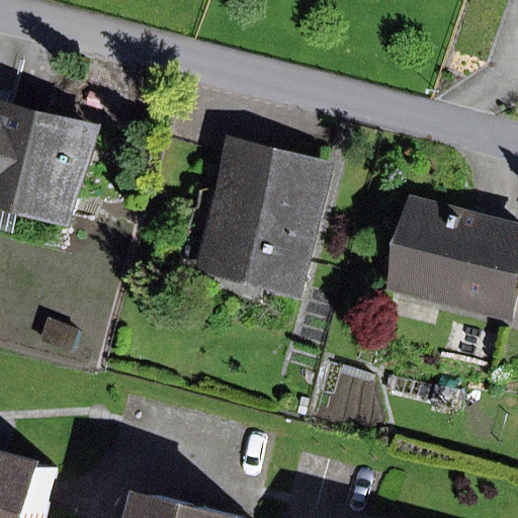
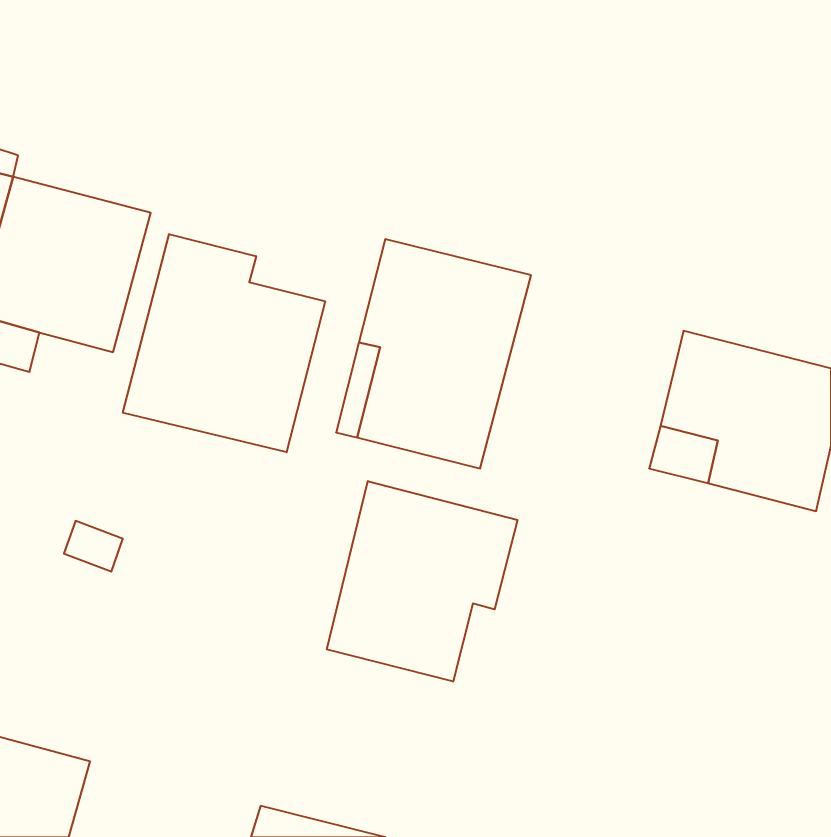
building: none -> [123,234,325,452]
building: none -> [327,481,517,682]

